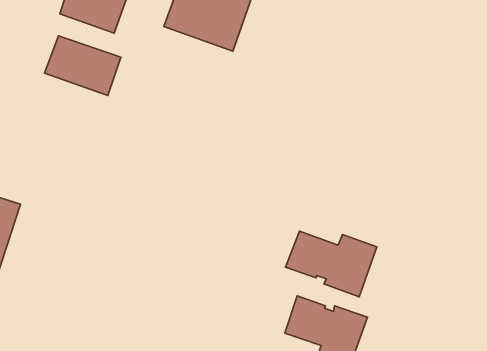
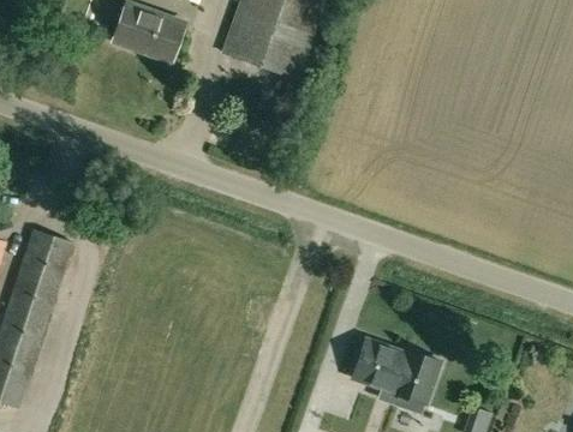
building: [44,36,121,95] -> none
building: [286,231,377,297] -> none

